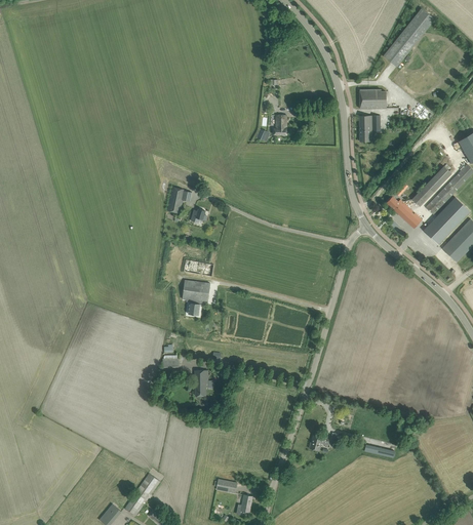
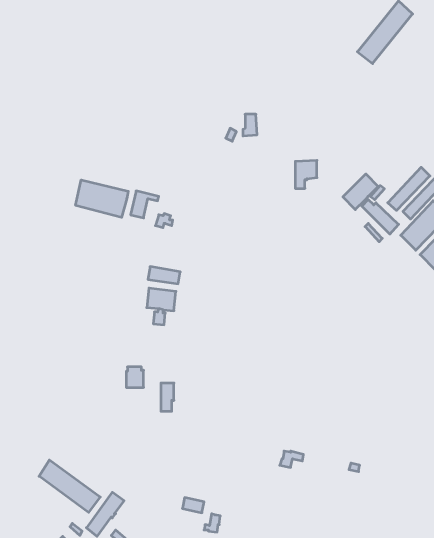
building: [359,89,387,109] -> none
building: [360,115,381,142] -> [295,160,317,188]
building: none -> [343,174,378,210]
building: none -> [76,180,128,217]
building: none -> [39,460,100,512]

